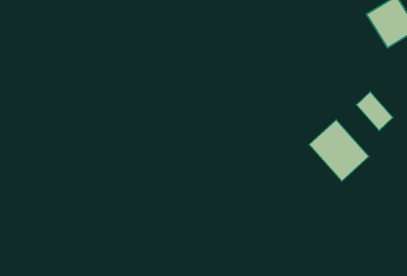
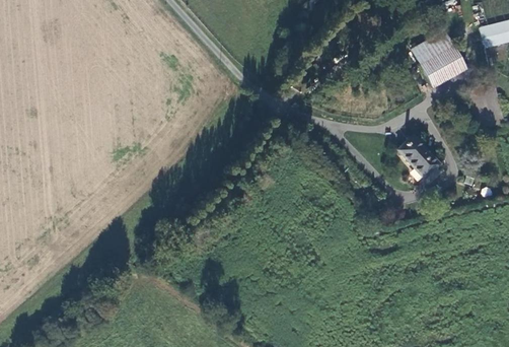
building: [309,120,369,181] -> none

